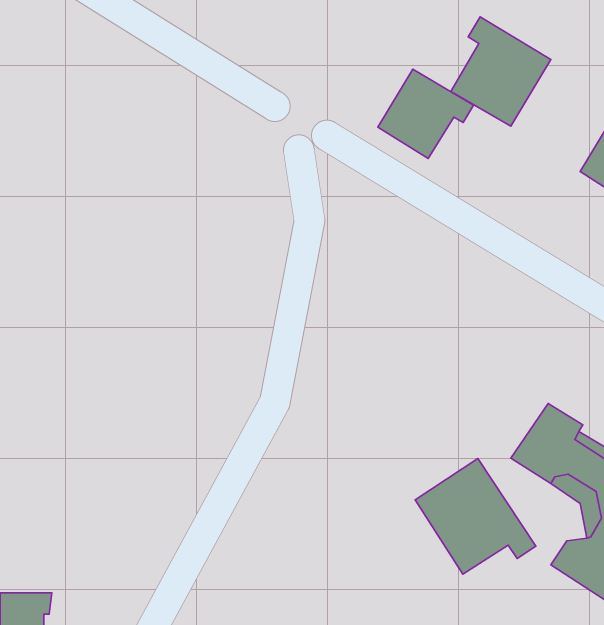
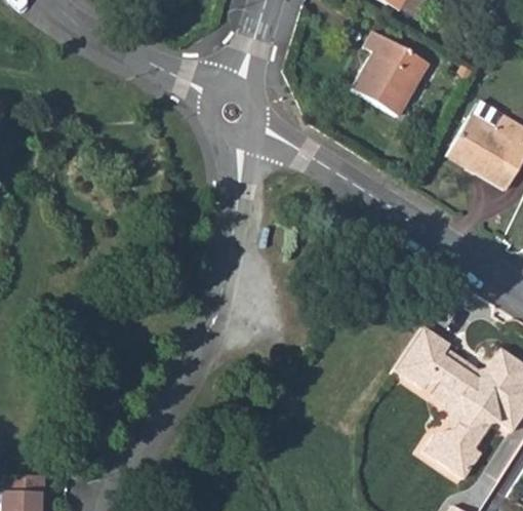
building: [378,69,473,159] -> none
building: [415,459,536,574] -> none

